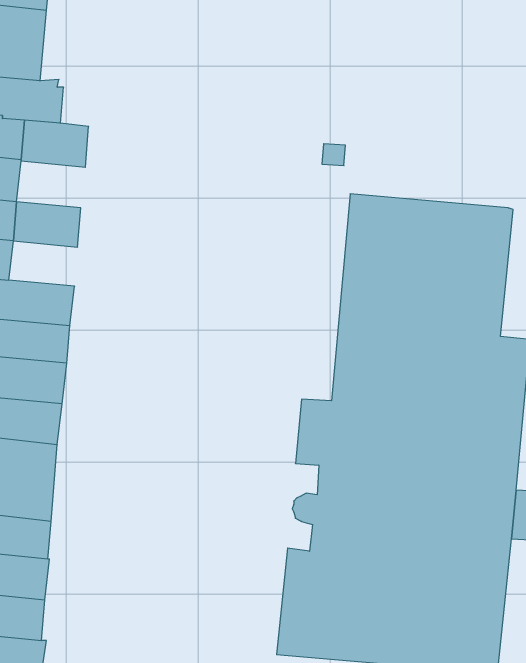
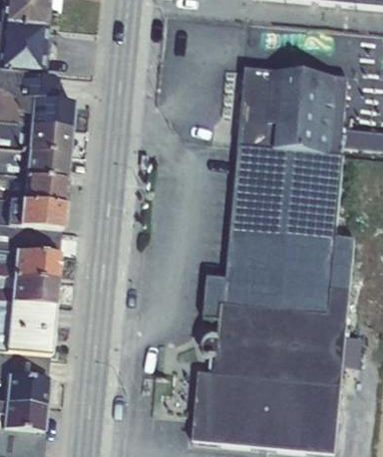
building: none -> [240,67,348,153]
building: none -> [26,123,70,153]
building: none -> [21,174,65,203]

